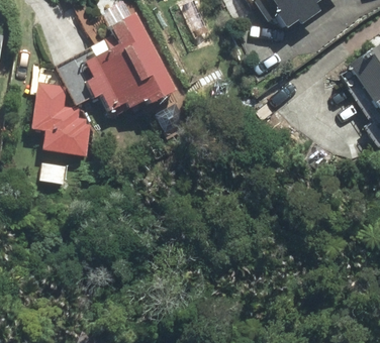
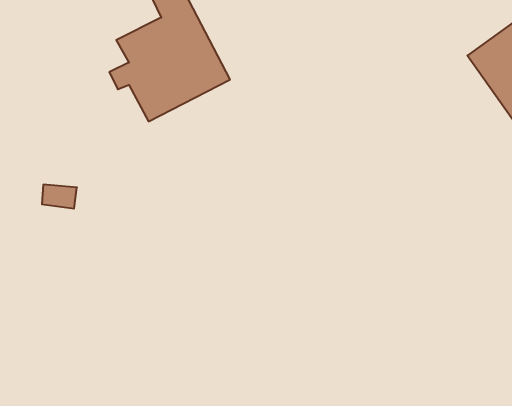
building: [30,82,92,154] -> none

